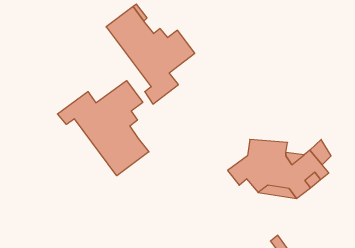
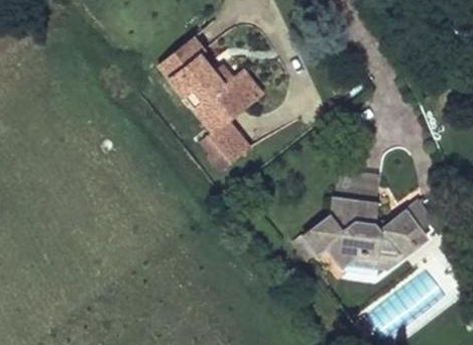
building: [57,81,149,176] -> none

